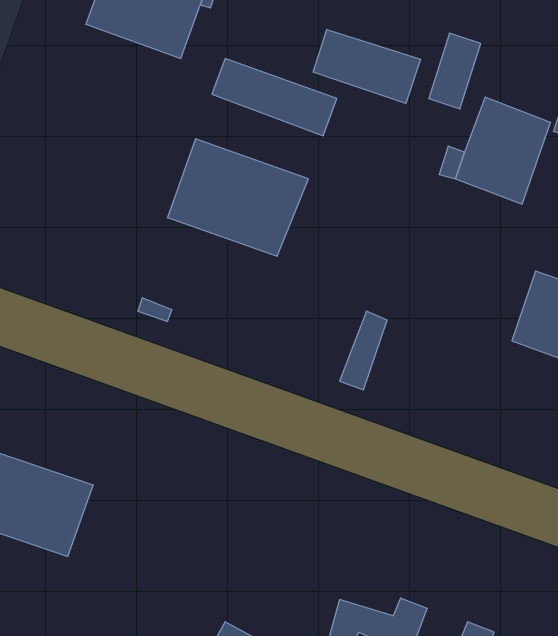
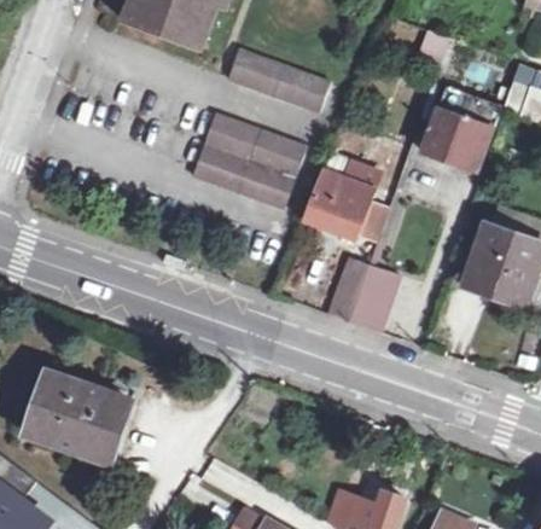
building: [313,29,420,103] -> none
building: none -> [298,152,390,240]
building: none -> [350,262,400,329]

